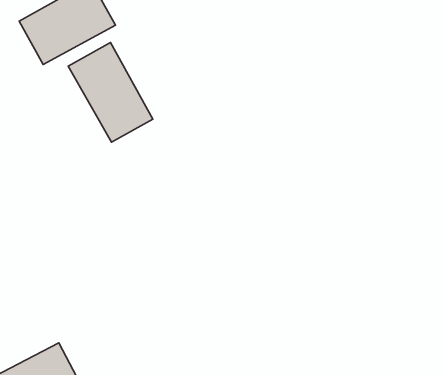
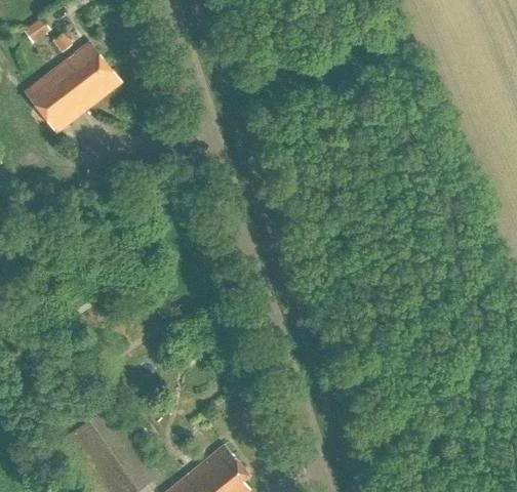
building: [68,43,153,142] -> none

